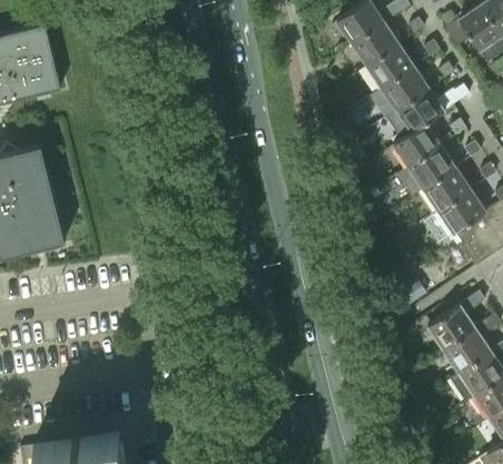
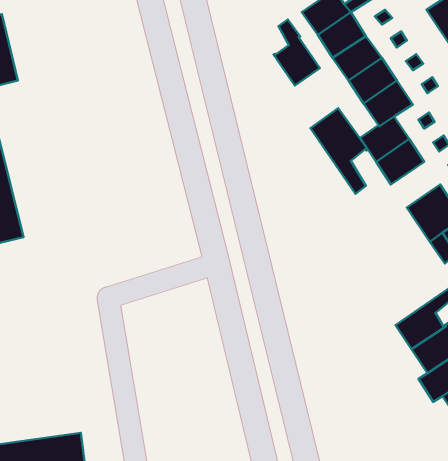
building: none -> [273,19,320,85]
building: none -> [310,108,368,194]
building: [423,167,471,211] -> none

